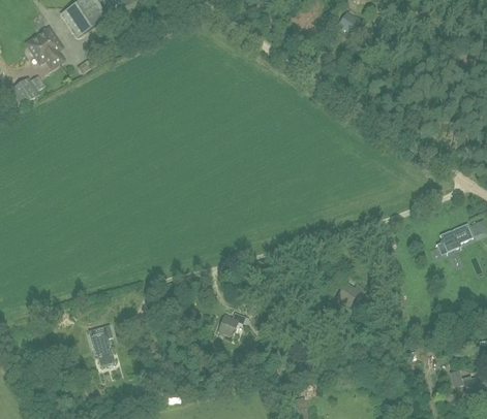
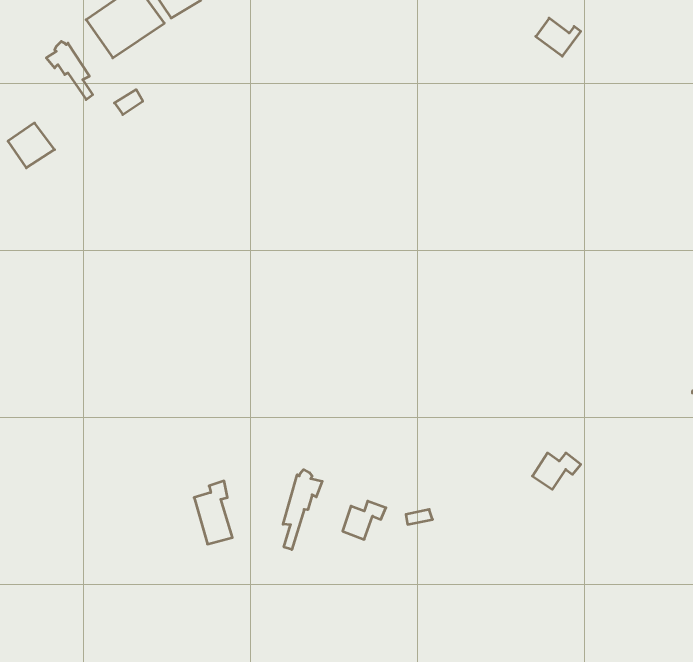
building: [26,36,59,67] -> none
building: none -> [283,470,322,550]
building: [91,325,115,364] -> [194,481,232,544]

